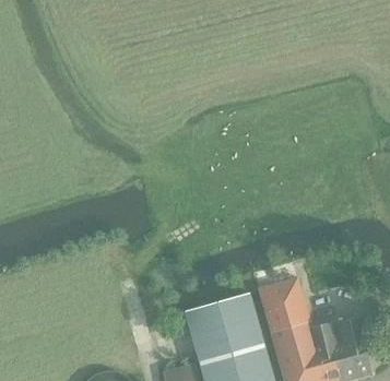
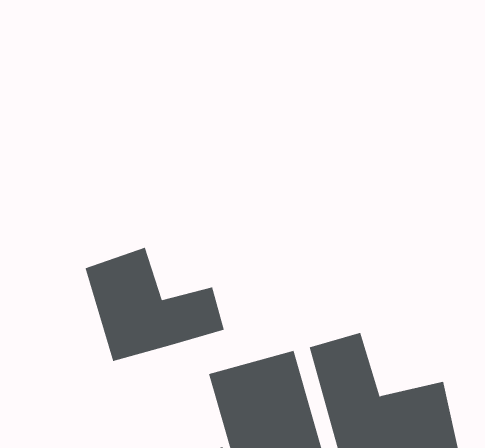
building: none -> [85,247,225,362]

